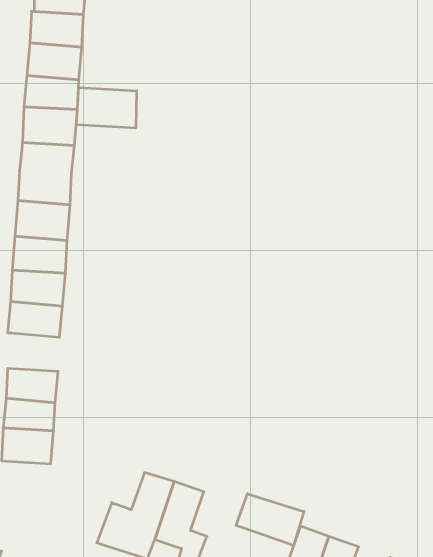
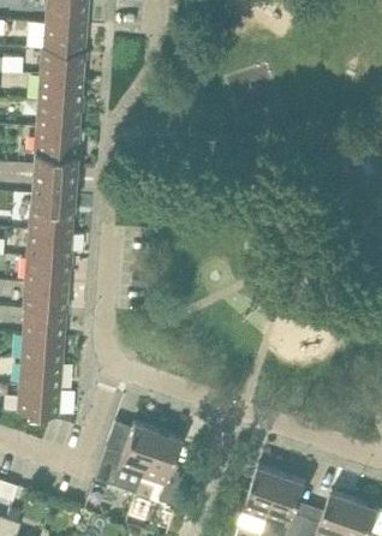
building: [76,88,137,128] -> none
building: none -> [23,310,65,341]
building: [236,494,304,545] -> none

